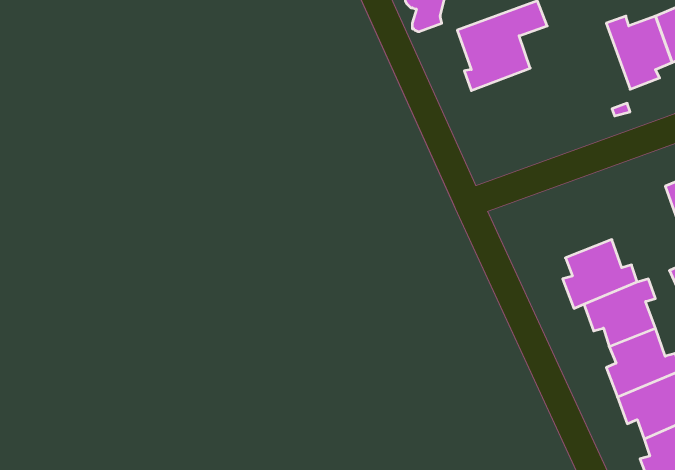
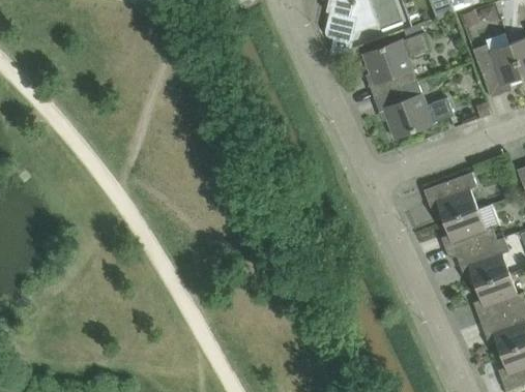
building: none -> [374,82,454,138]
building: none -> [424,172,477,221]

